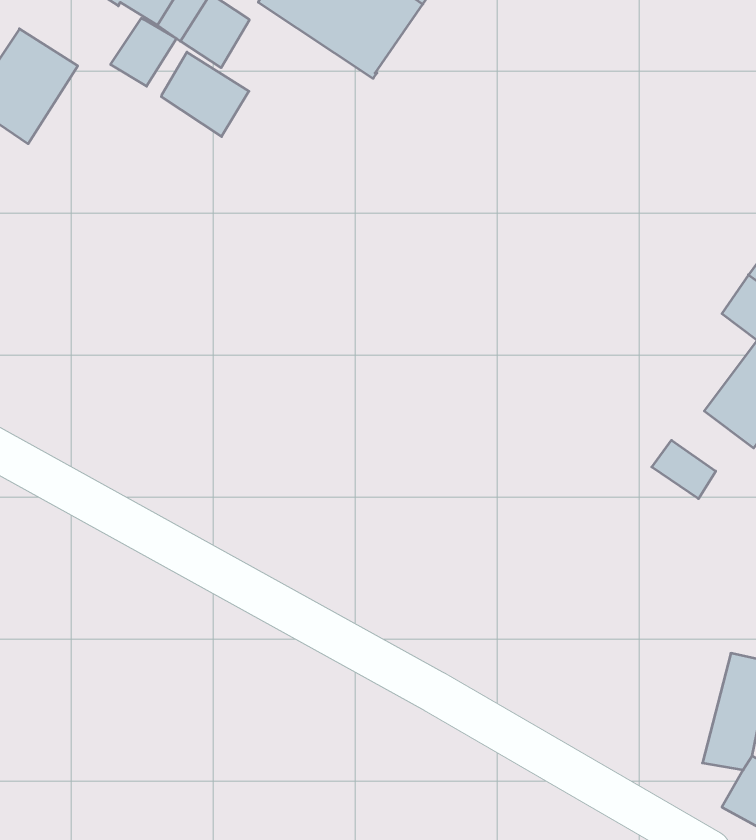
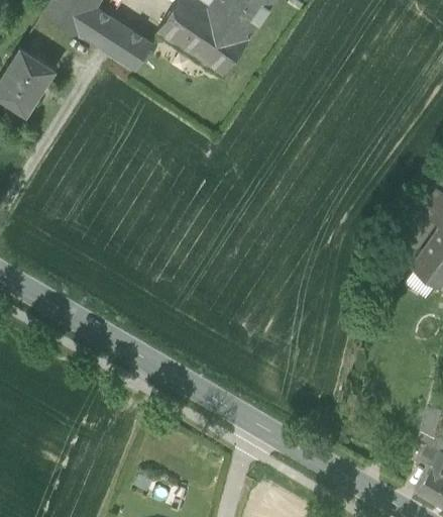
building: [111,18,177,86] -> none
building: [161,52,249,137] -> none
building: [652,440,716,499] -> none

